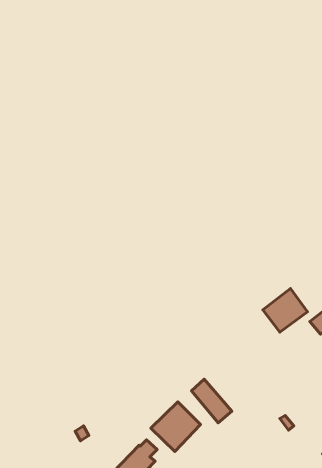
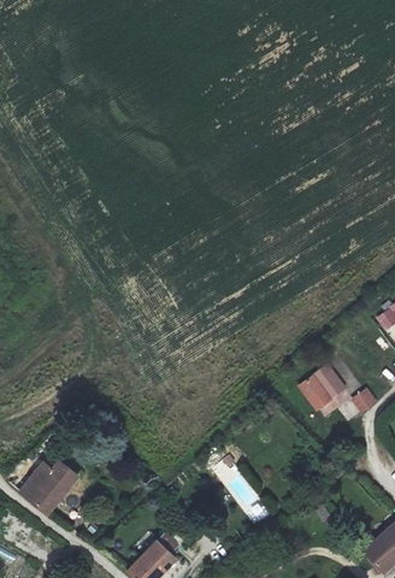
building: none -> [20,459,77,514]
building: [151,402,201,451] -> none

